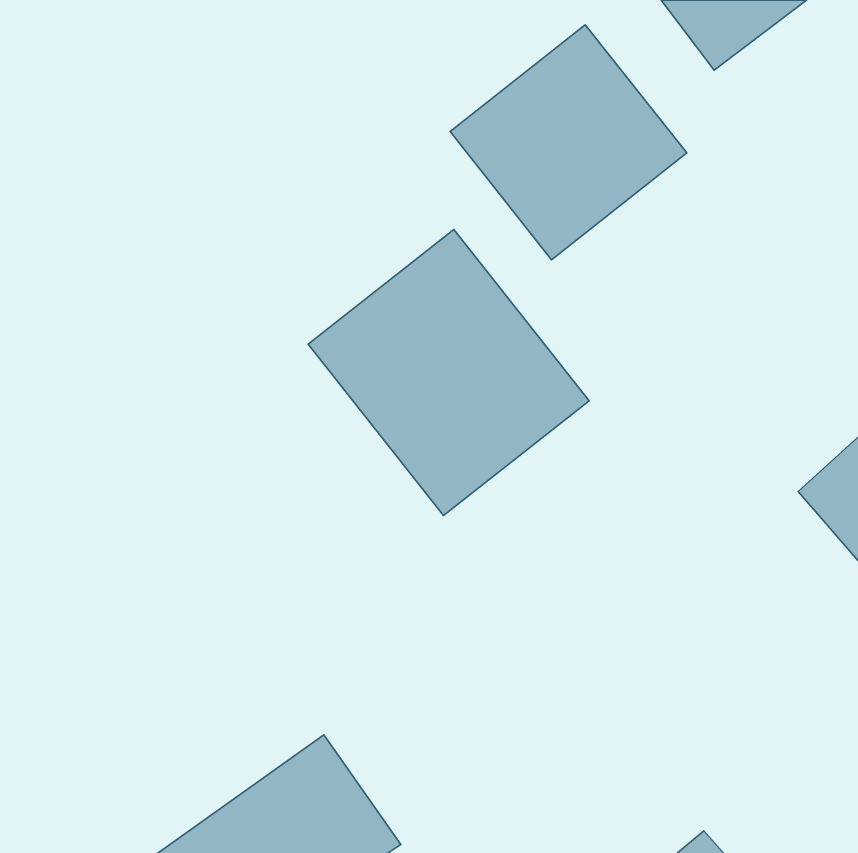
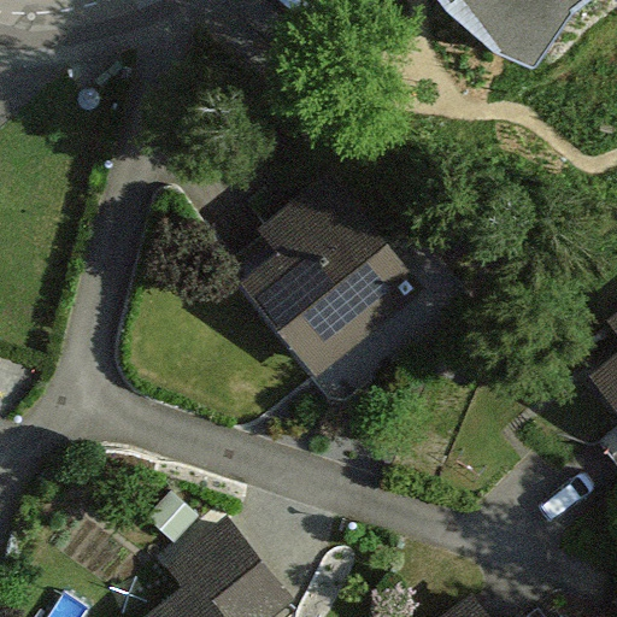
building: [450,25,687,260] -> none

